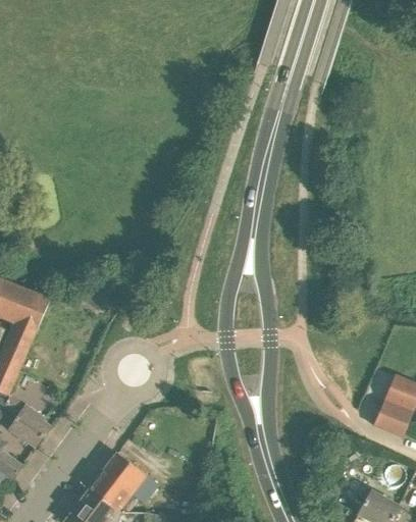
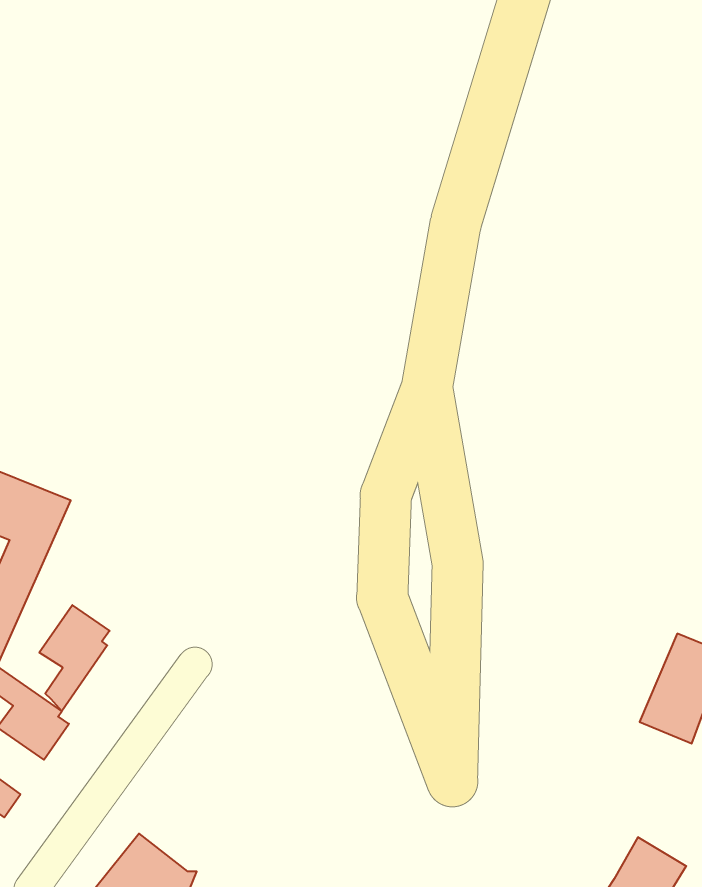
building: none -> [39,605,110,711]
building: [89,453,157,510] -> none

